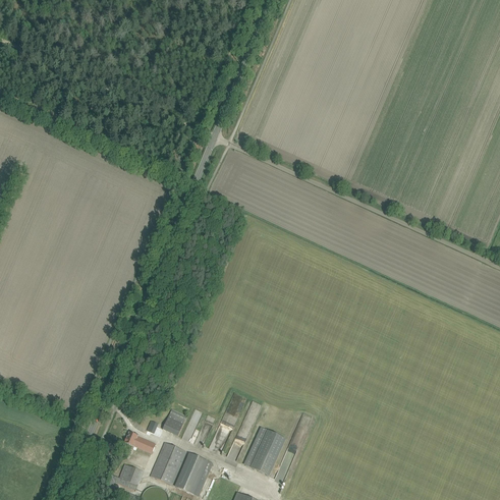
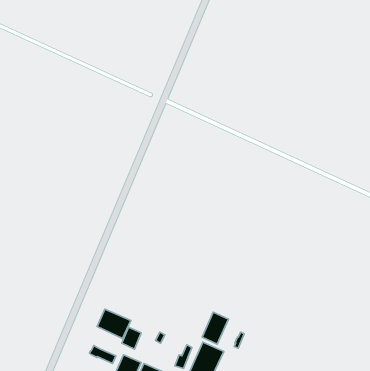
building: none -> [97,309,131,338]
building: none -> [202,312,228,344]

